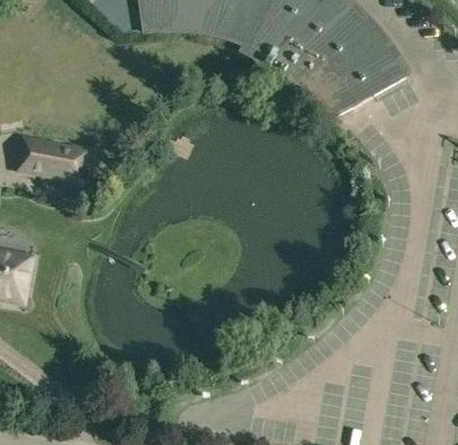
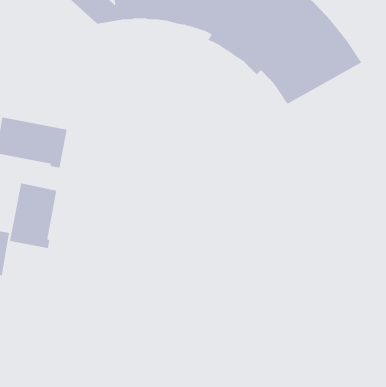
building: none -> [10,183,57,249]

